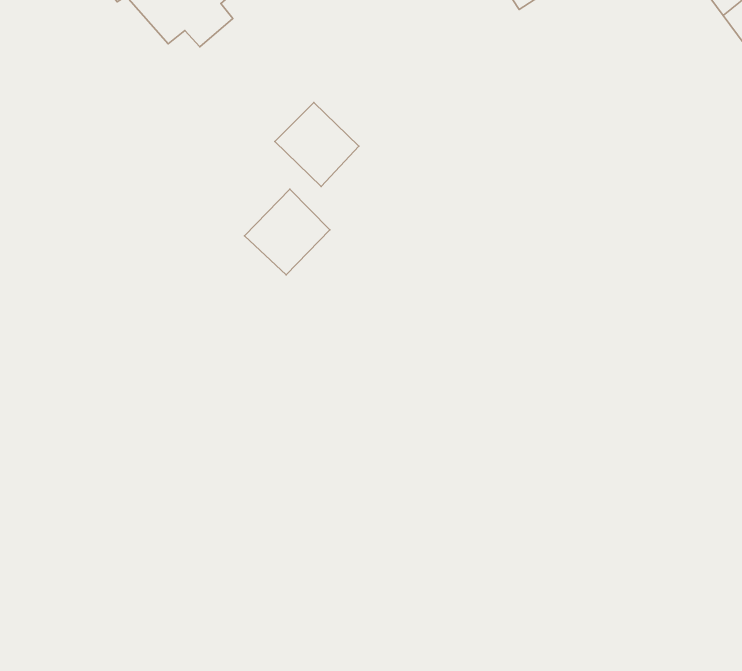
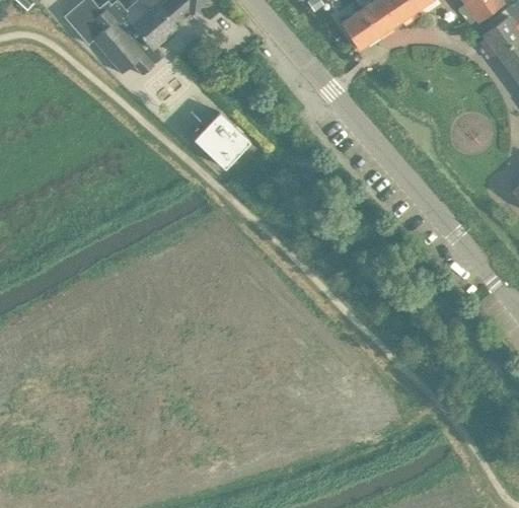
building: [245,189,330,275] -> none

